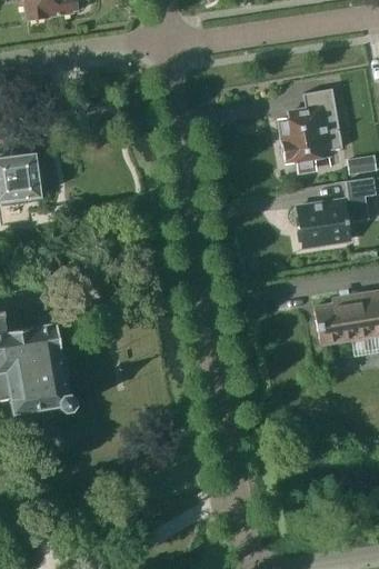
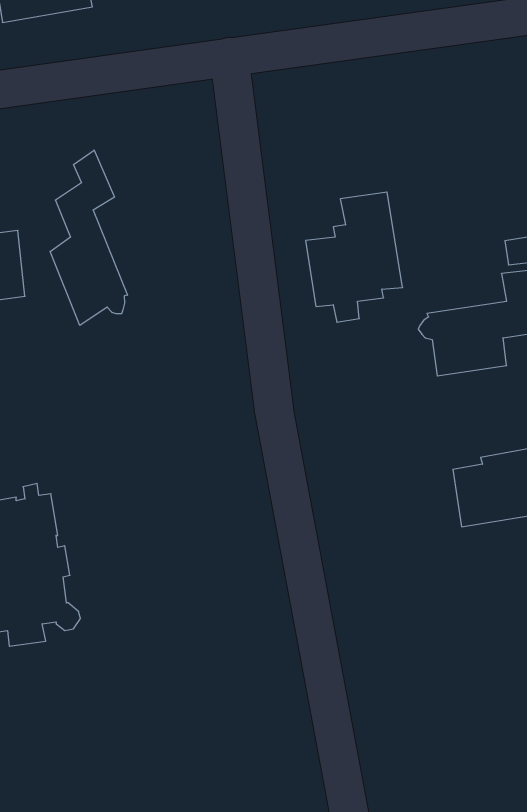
building: [279,88,341,171] -> [306,192,403,322]
building: none -> [50,150,127,325]

